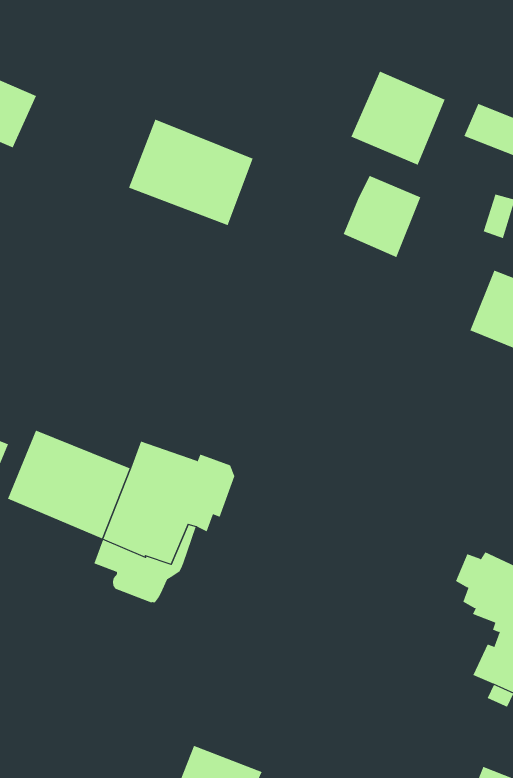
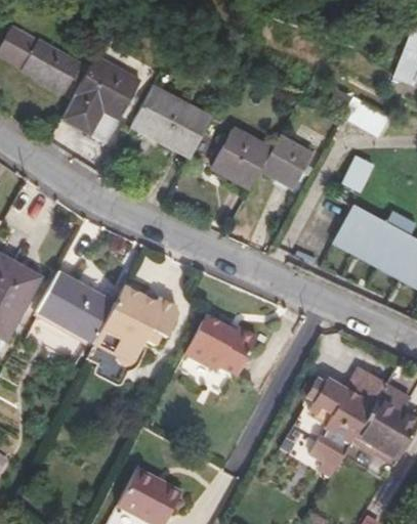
building: [351,71,445,165] -> [211,127,273,188]
building: none -> [60,55,140,142]
building: none -> [183,319,258,378]

